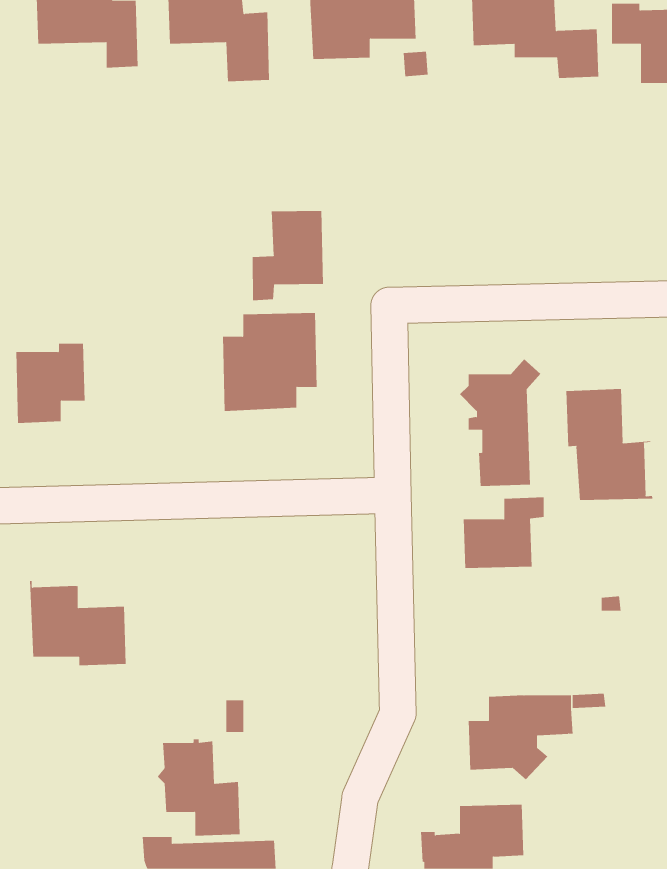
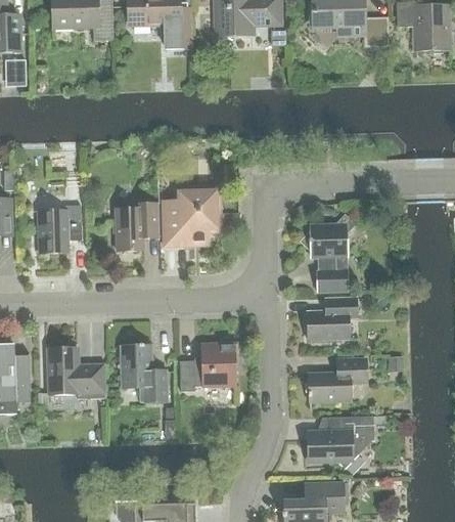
building: [252,210,324,301] -> none
building: none -> [115,204,158,251]
building: [566,388,653,501] -> none
building: none -> [179,343,235,392]
building: none -> [308,359,366,402]
building: [157,739,241,836] -> [117,344,167,402]

